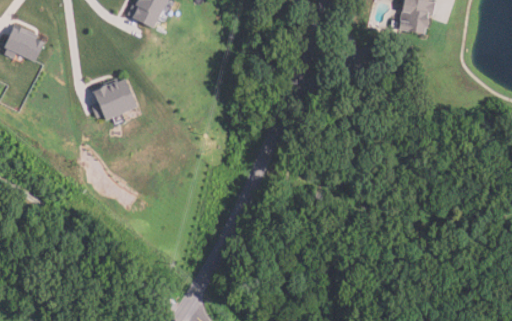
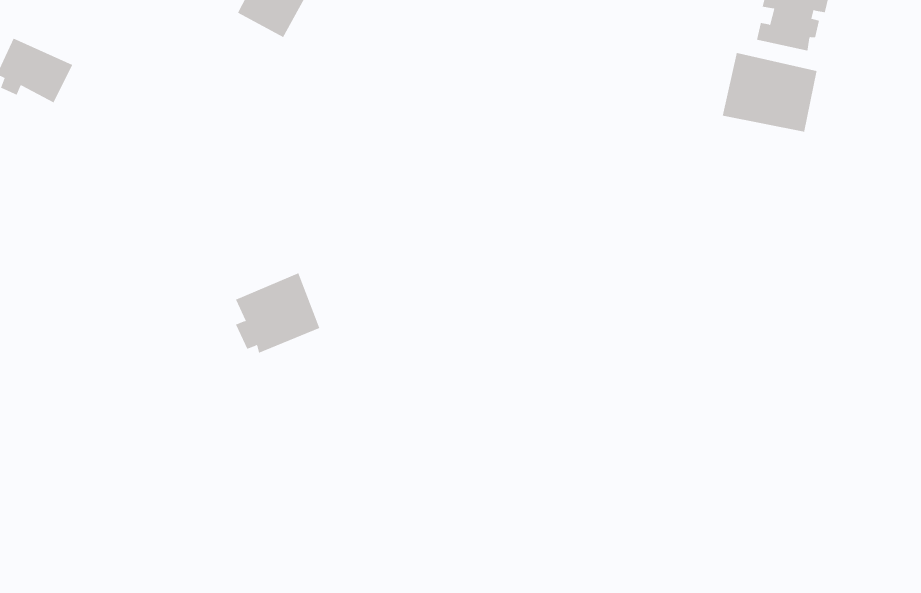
building: none -> [722,52,817,133]
building: [91,78,135,120] -> [235,272,320,353]

